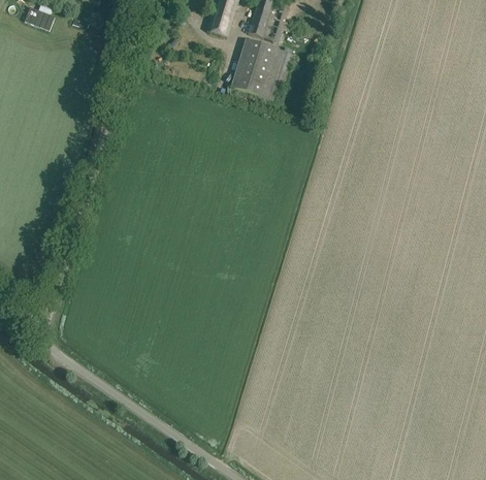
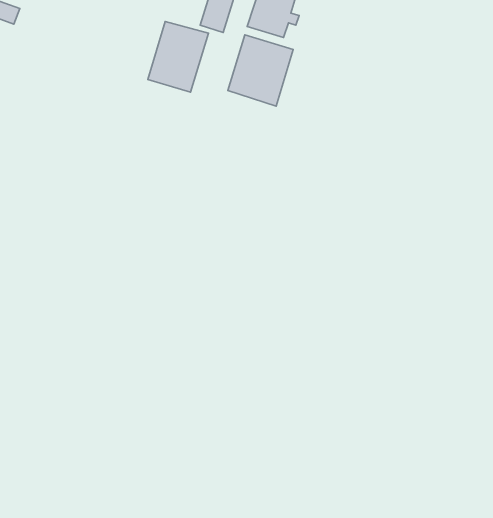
building: none -> [148,21,208,92]

